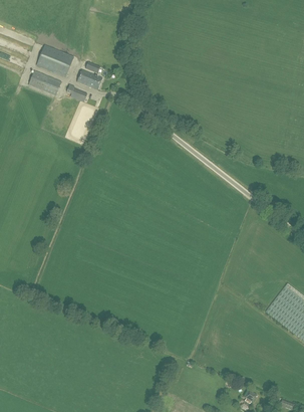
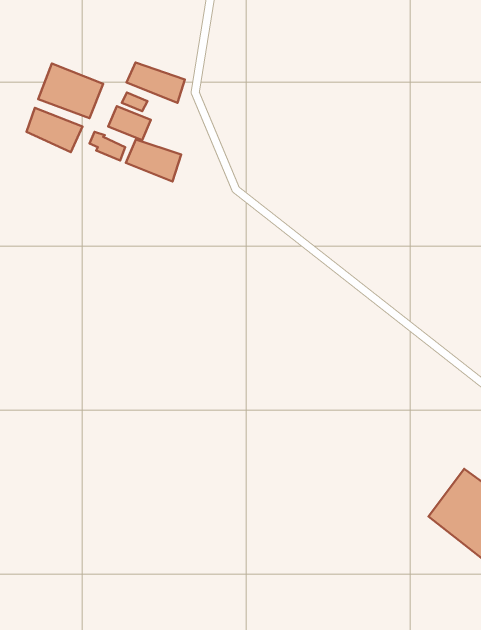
building: none -> [127,62,185,103]
building: none -> [126,140,181,182]

